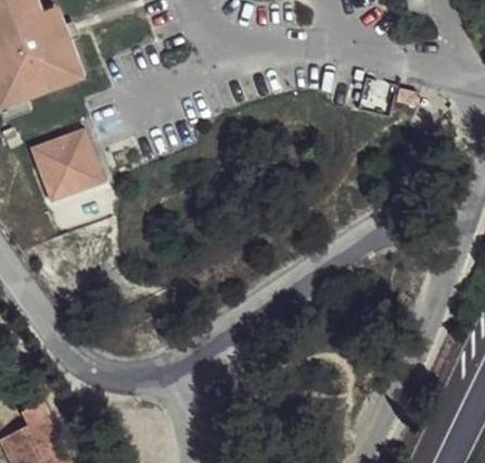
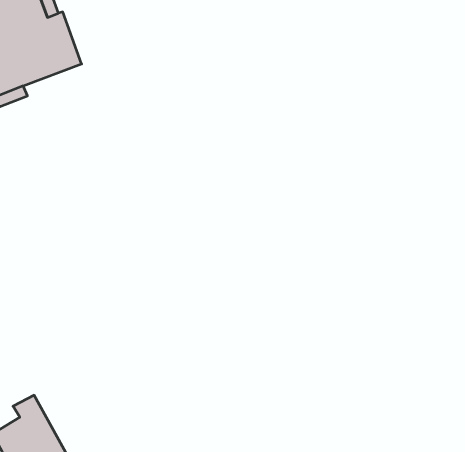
building: [29,129,103,203] -> none

